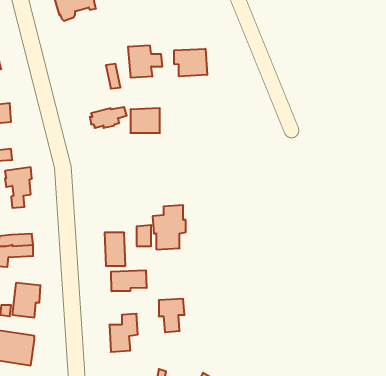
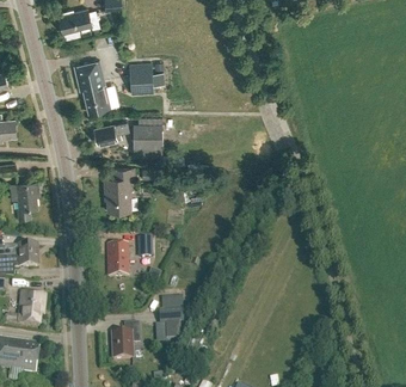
building: none -> [74,61,110,113]
building: [174,49,207,76] -> none
building: [153,205,186,249] -> [104,168,136,211]
building: [111,270,147,291] -> none

